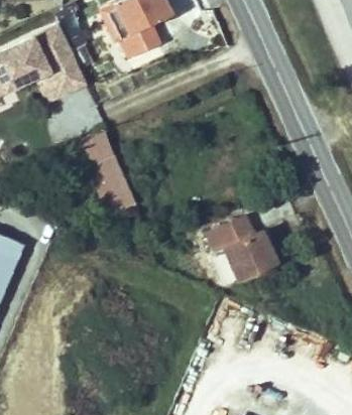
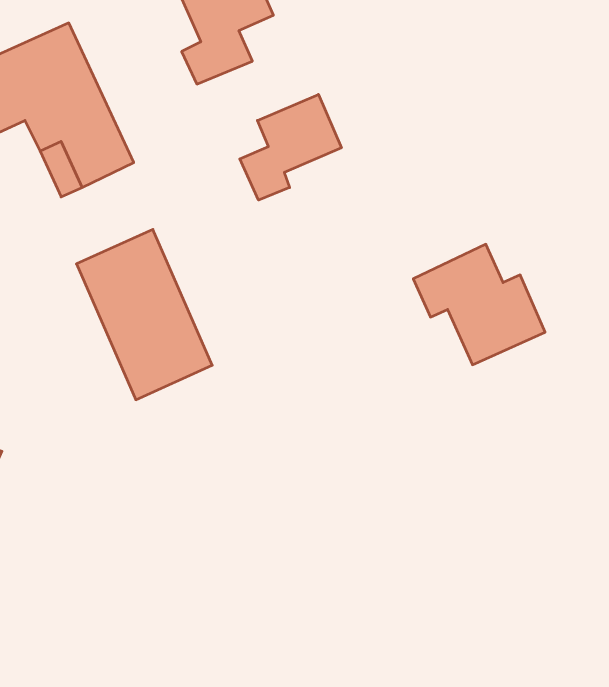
building: none -> [240,94,341,200]
building: [206,215,275,278] -> [413,244,545,365]

